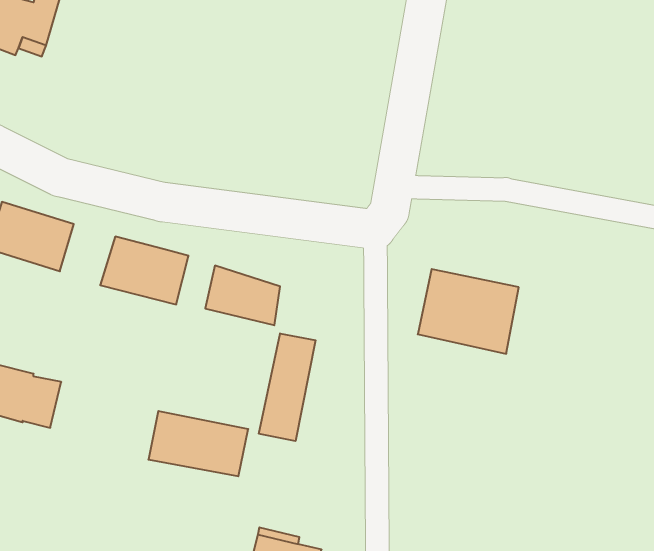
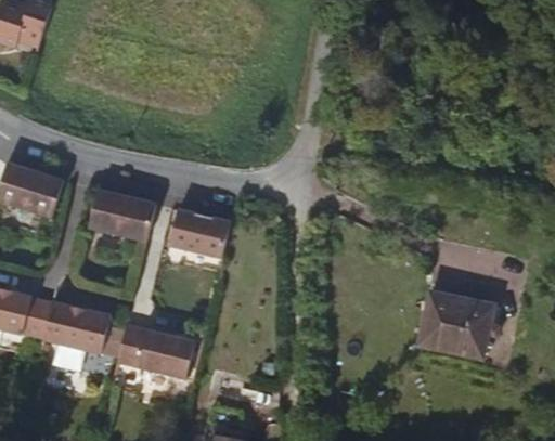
building: [418,269,519,354] -> [421,282,500,348]
building: [259,333,316,441] -> none
building: none -> [43,302,116,354]

